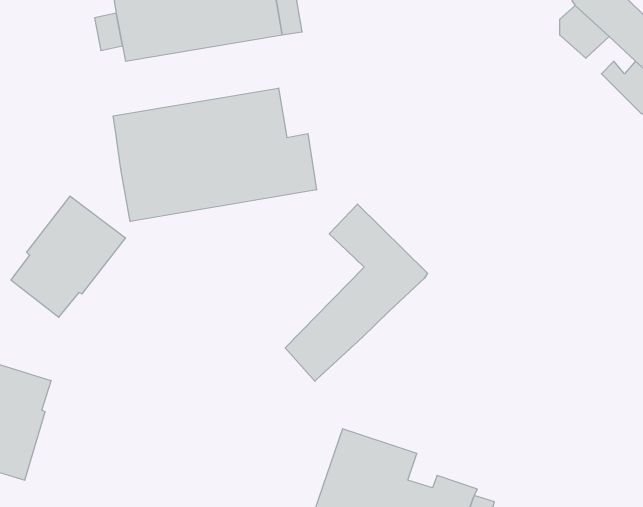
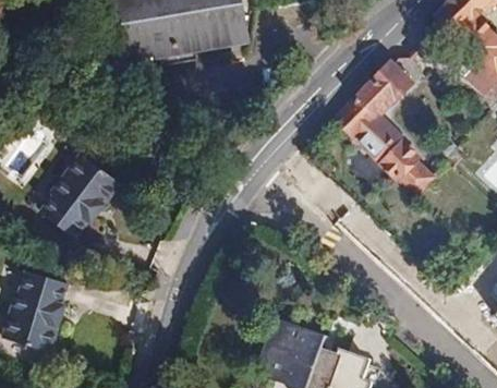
building: none -> [336,61,435,197]
building: [113,88,317,222] -> none
building: [285,204,427,381] -> none

